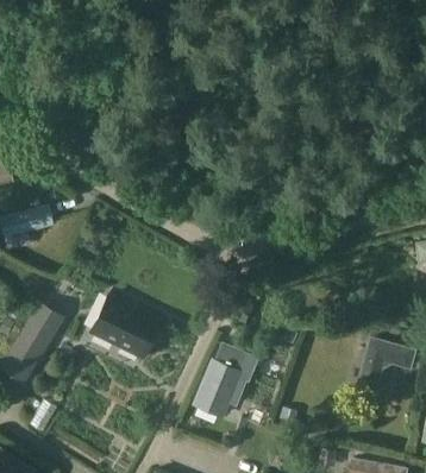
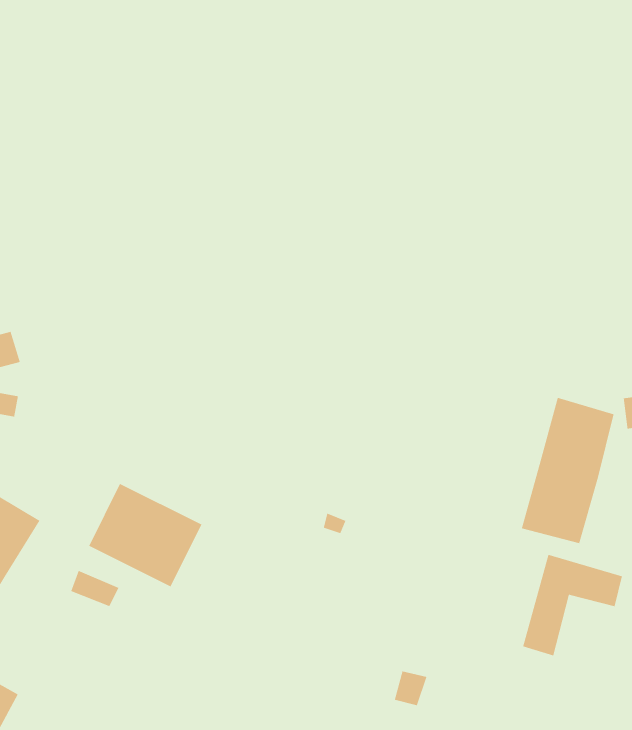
building: none -> [521,397,615,544]
building: [196,346,246,412] -> none

